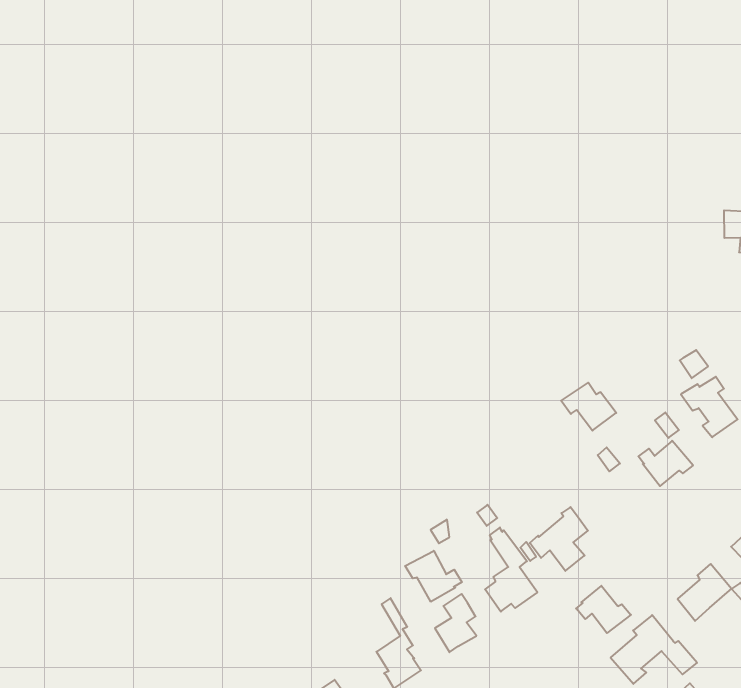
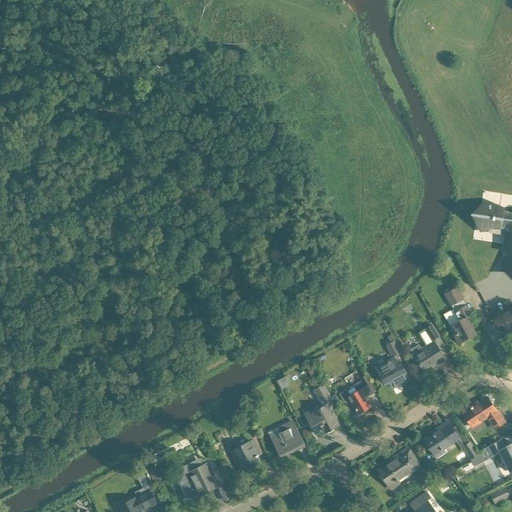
building: [561,383,616,431] -> [376,358,409,388]
building: [405,551,462,602] -> none
building: [576,586,631,633] -> none

